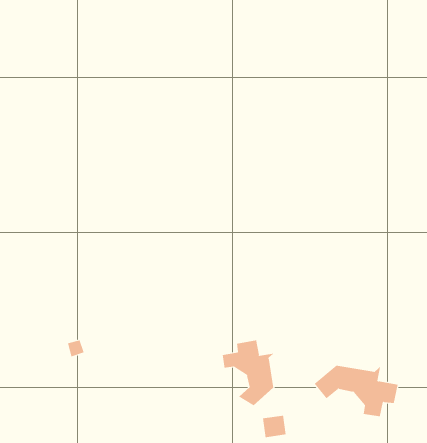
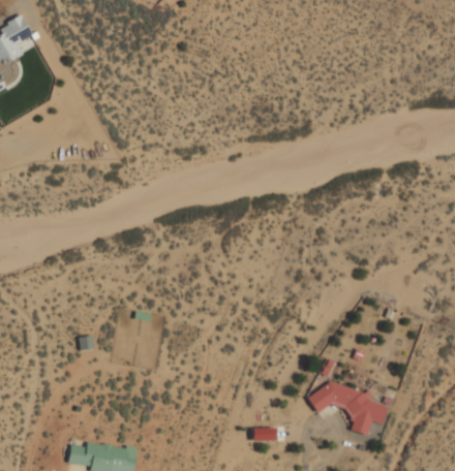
building: [222,340,276,406] -> none

